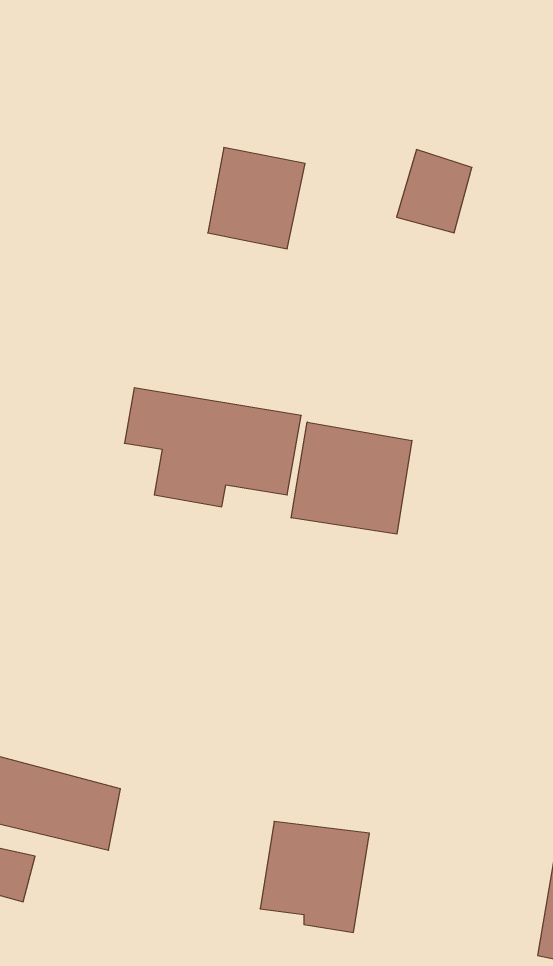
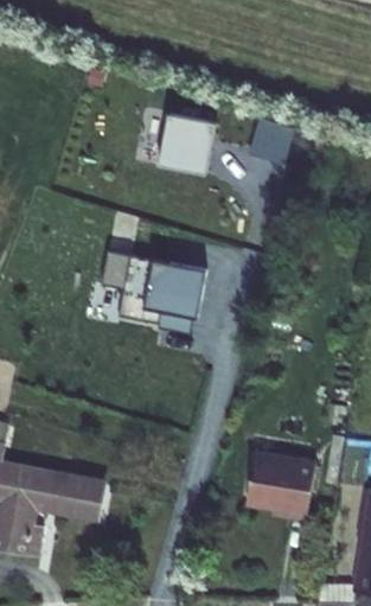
building: [291,422,412,534] -> none
building: [260,821,369,932] -> [245,453,311,519]

